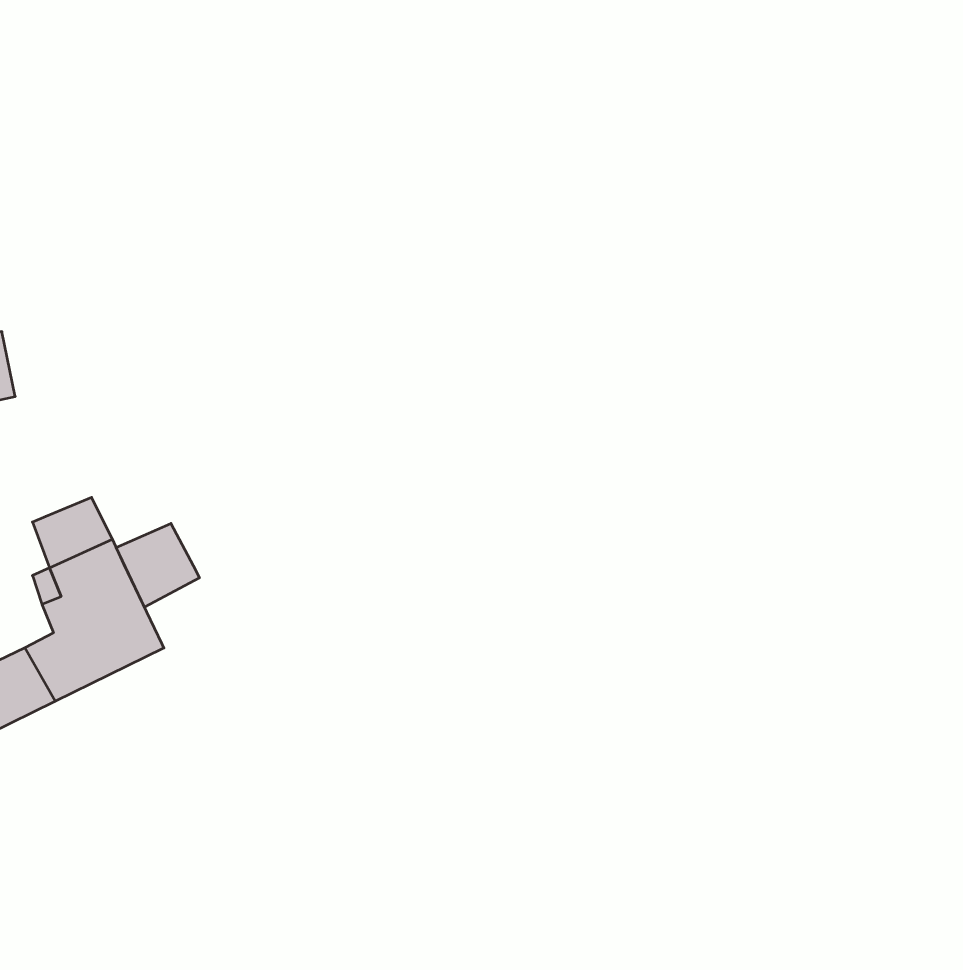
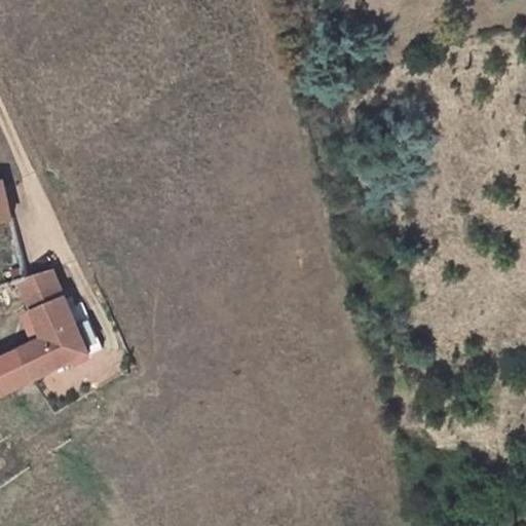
building: [116,523,199,607] -> none

